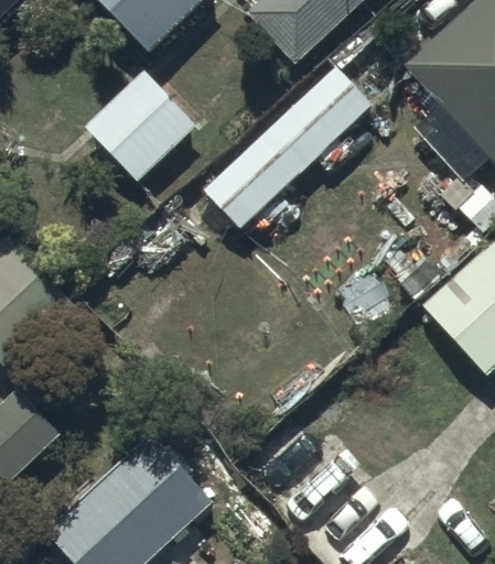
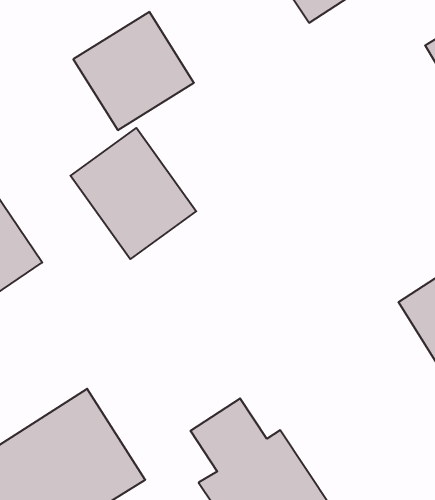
building: [201,66,368,240] -> none
building: none -> [70,128,196,259]

